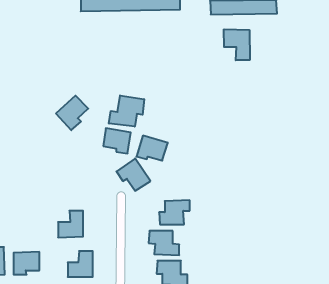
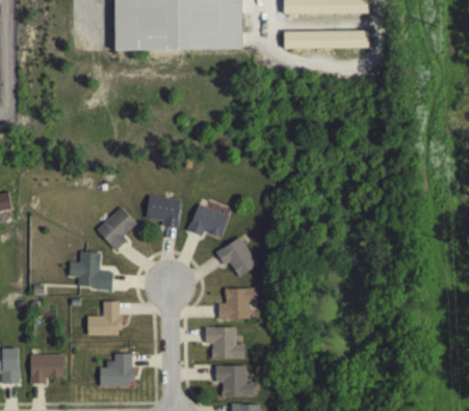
building: [224,29,250,60] -> none
building: [109,95,144,127] -> none
building: [56,96,88,130] -> [96,207,137,251]
building: [116,158,150,191] -> [215,236,259,277]
building: none -> [69,251,112,289]

